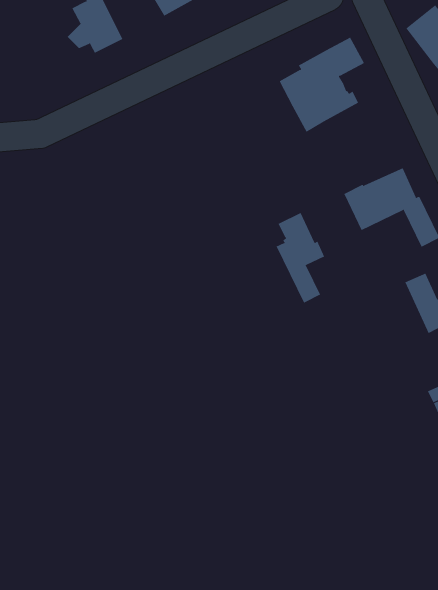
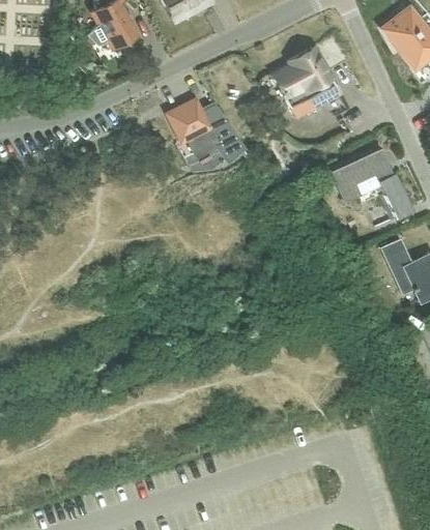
building: none -> [169,99,246,160]
building: [276,212,325,303] -> none

